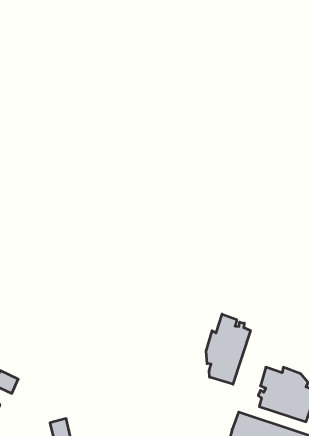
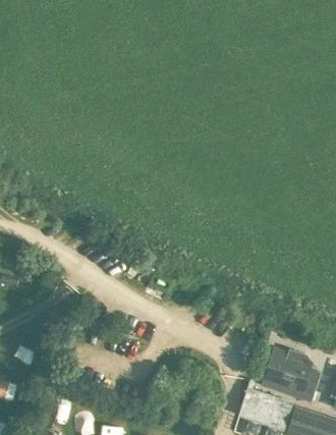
building: [206,314,250,384] -> none

